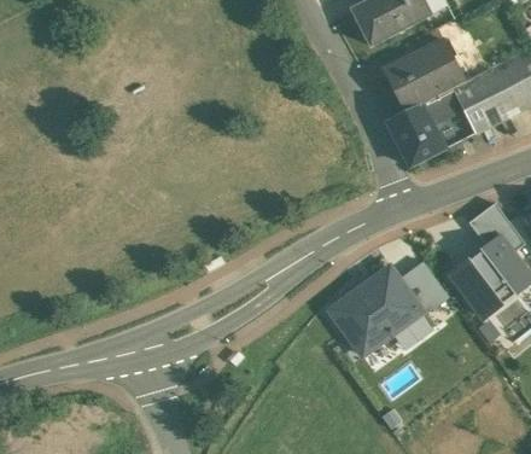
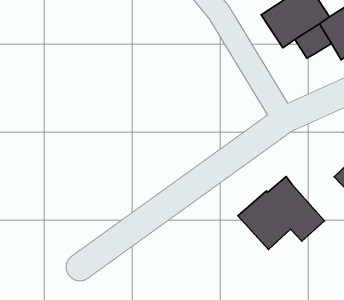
building: [387,104,444,167] -> none
building: [399,261,449,313] -> none

